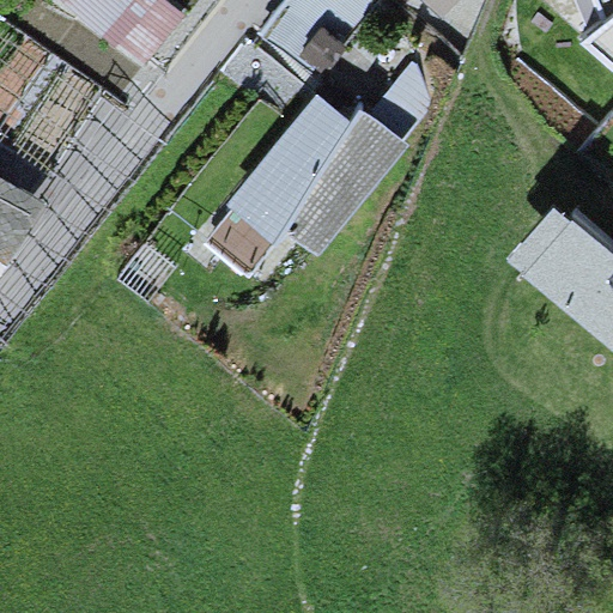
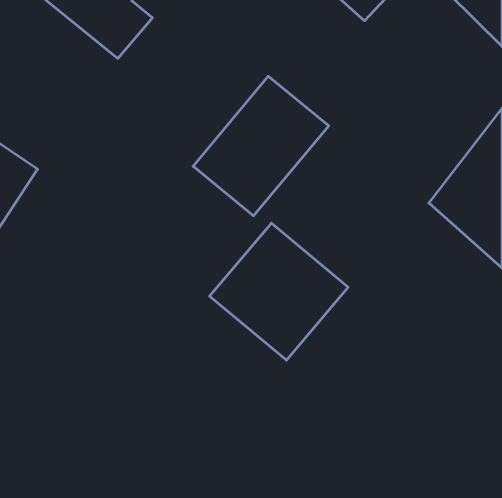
building: none -> [210,223,348,360]

